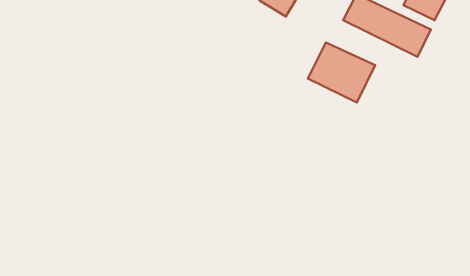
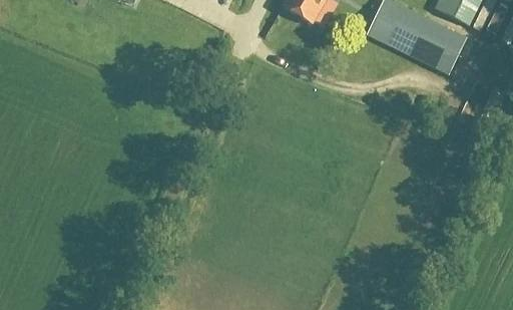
building: [308,43,375,103] -> none

